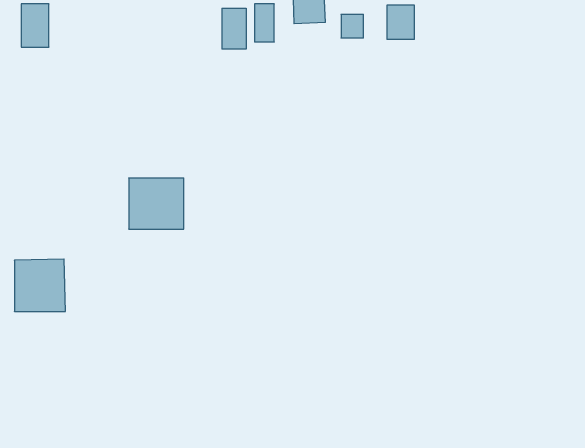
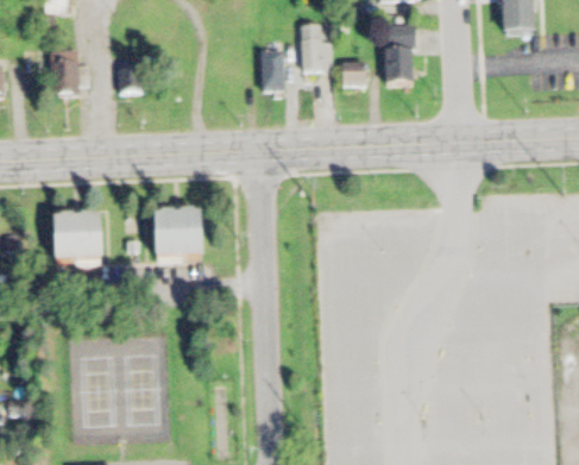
building: [222,8,246,49] -> none
building: none -> [121,67,145,88]
building: [14,259,65,311] -> [54,213,100,260]

